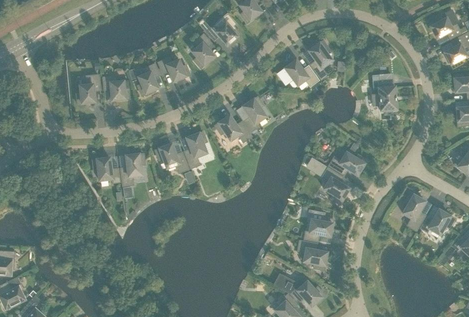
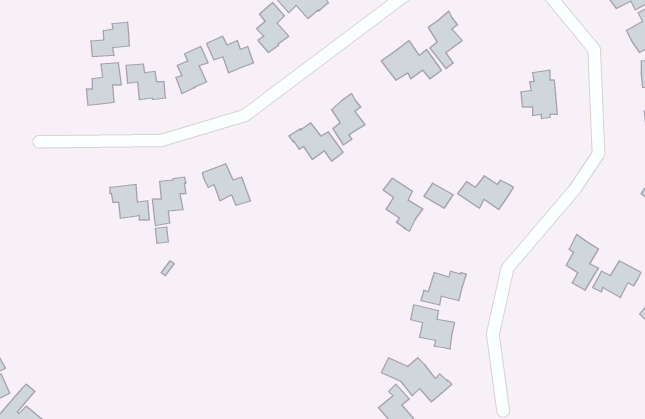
building: none -> [91,22,129,57]
building: [184,130,206,167] -> none
building: [322,167,349,203] -> [383,178,423,231]

